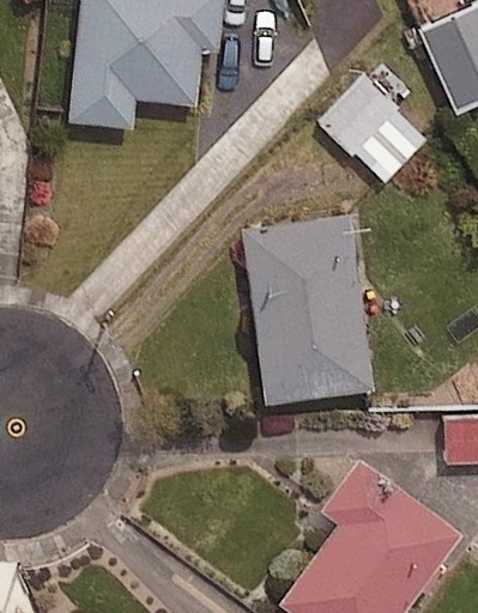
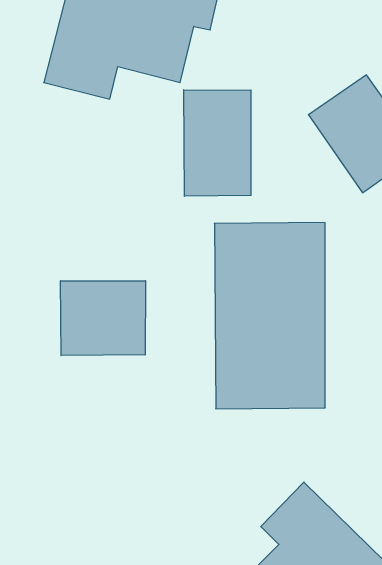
building: none -> [184,90,251,196]
building: none -> [61,281,146,356]

